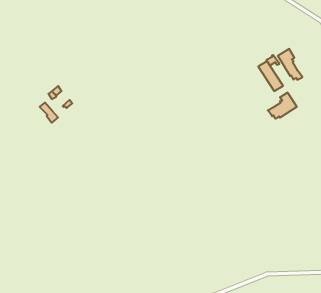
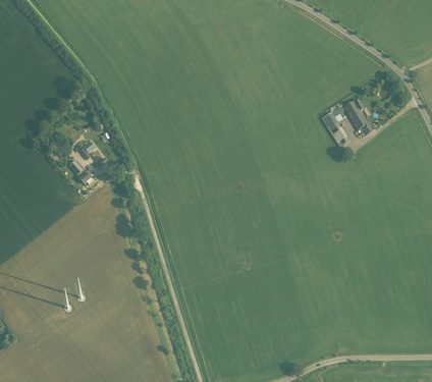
building: [268,92,297,119] -> none

